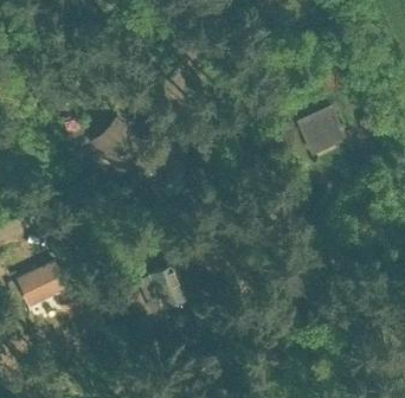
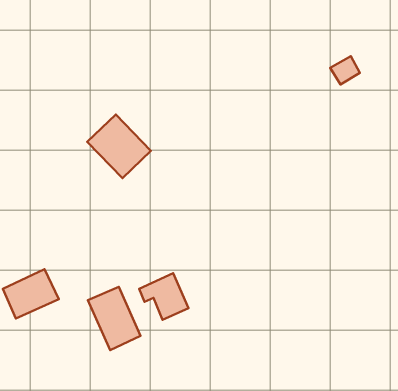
building: [298,114,342,153] -> none
building: none -> [88,287,140,350]

